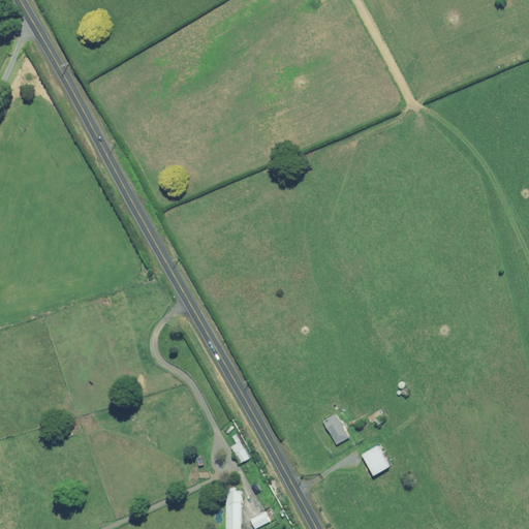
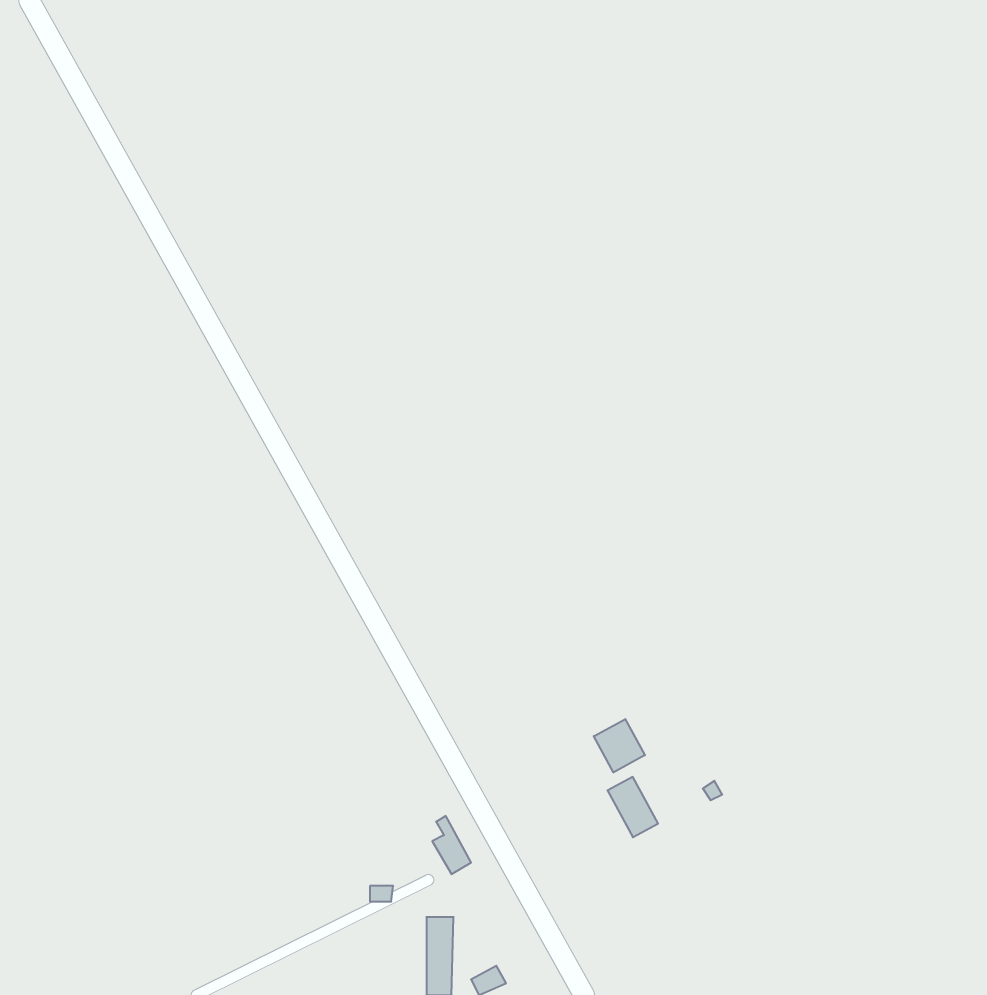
building: none -> [594,719,645,772]
building: [362,445,390,475] -> none

